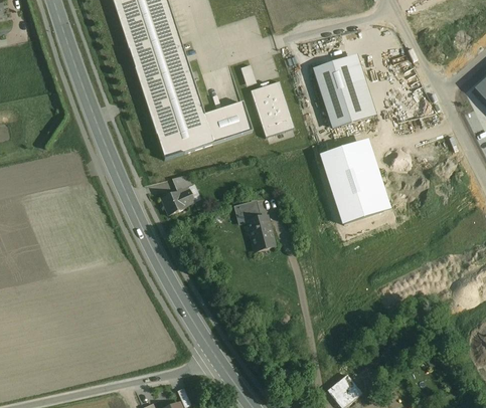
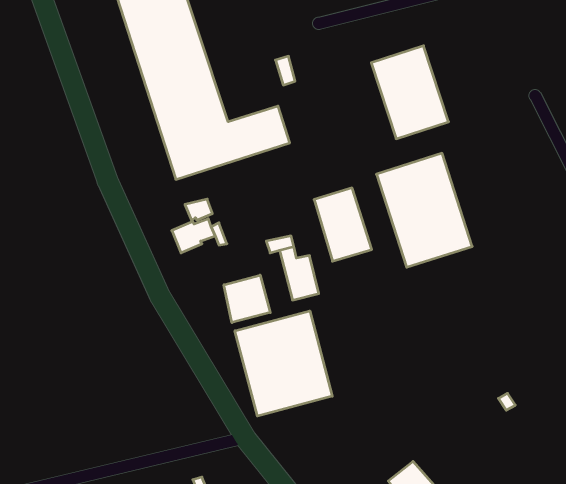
building: [251,80,295,137] -> [314,188,372,261]
building: none -> [224,275,270,323]
building: none -> [235,311,332,416]

